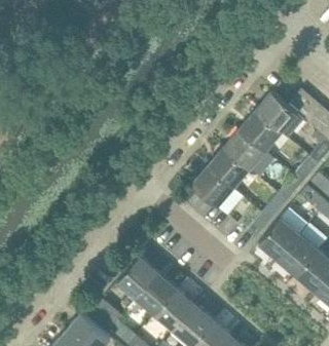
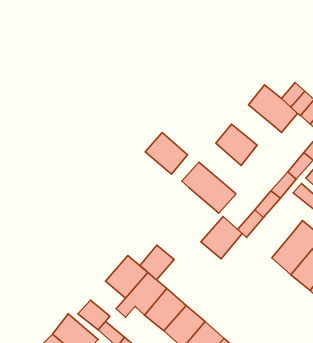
building: [240,112,281,151] -> none
building: [208,149,249,189] -> [145,133,188,174]
building: [259,219,299,260] -> [201,216,242,259]
building: none -> [140,245,174,280]

